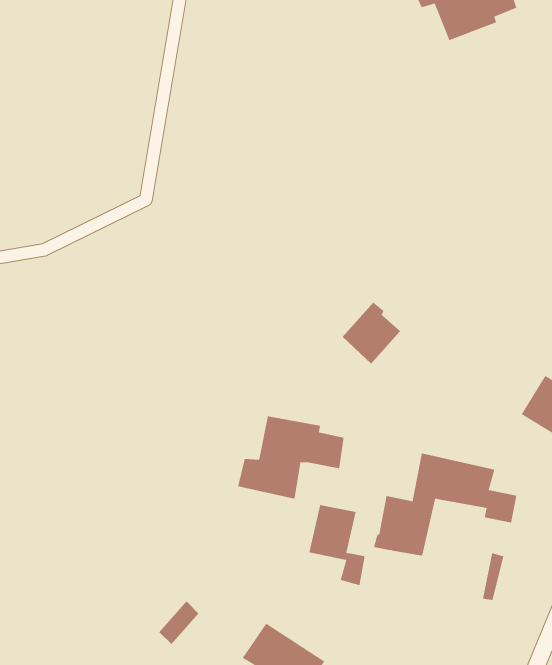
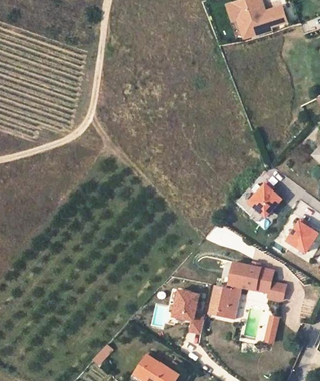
building: [342,302,401,365] -> [249,182,281,217]
building: [237,416,344,500] -> none

